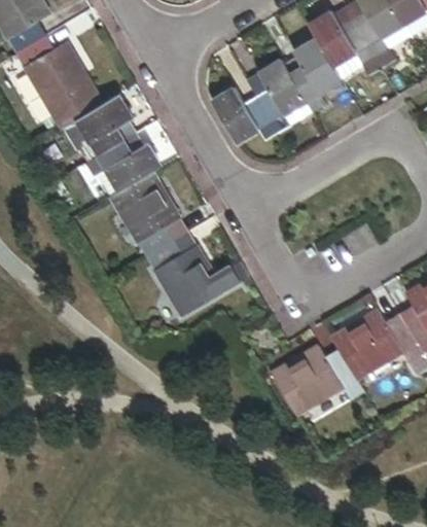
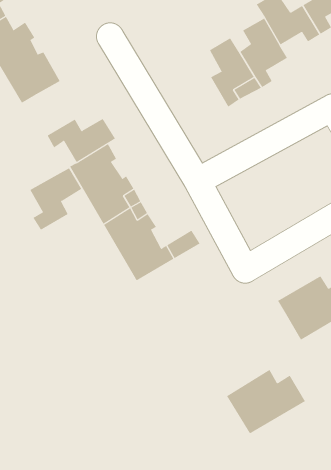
building: [212,85,279,141] -> none
building: [76,95,132,162] -> [30,167,82,231]
building: [272,345,356,414] -> [226,369,306,434]

